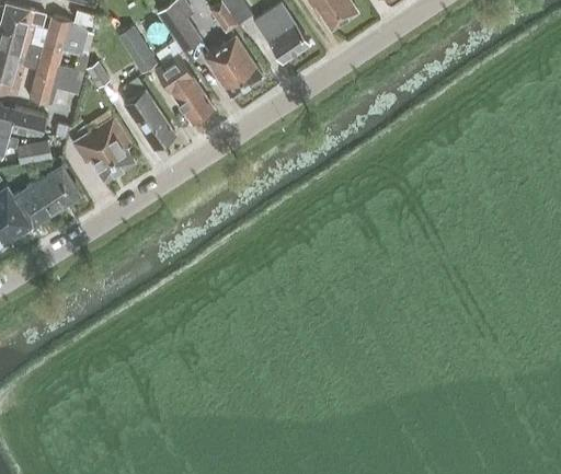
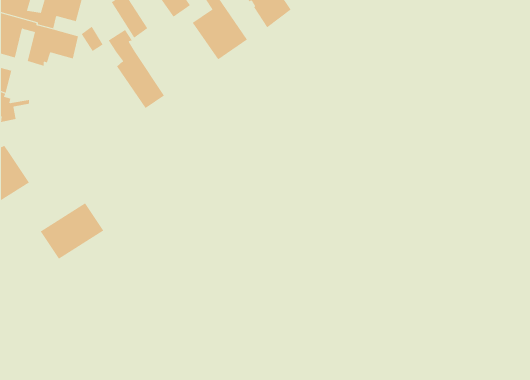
building: [154,54,213,123] -> none
building: [9,107,44,134] -> none
building: [72,117,134,181] -> none
building: [15,140,50,164] -> none
building: [12,165,80,226] -> [40,202,104,259]

